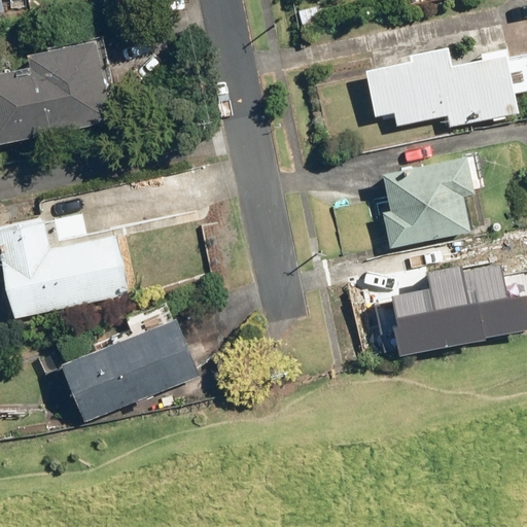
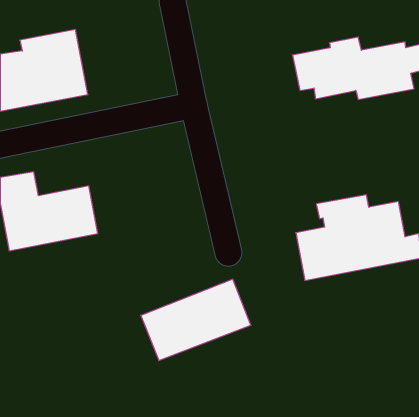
building: [383,157,476,249] -> none
building: [60,319,198,421] -> [141,279,251,361]

